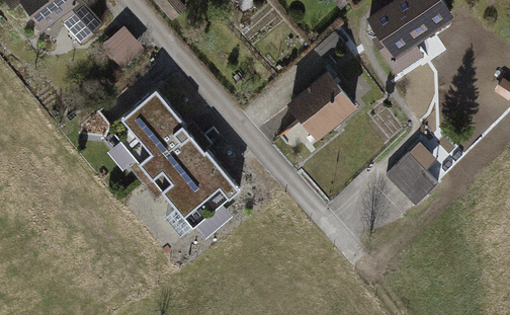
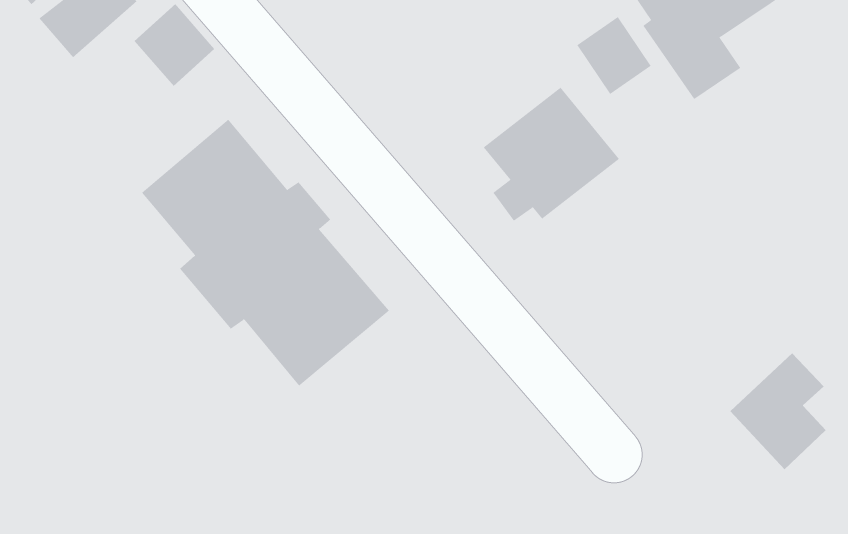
building: none -> [577,16,652,95]
building: [387,144,438,207] -> [730,352,826,470]

